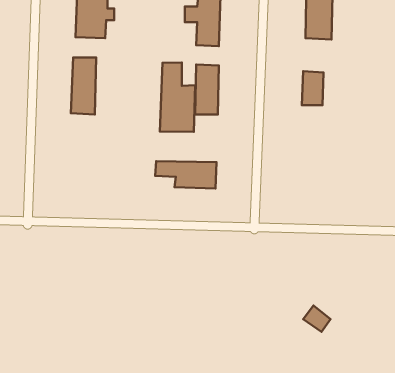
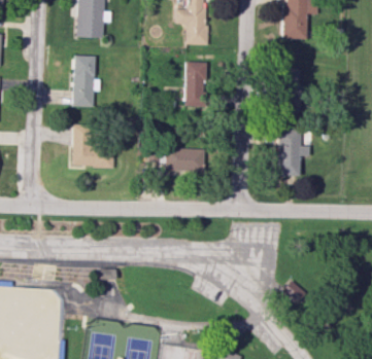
building: [160,62,195,132] -> none
building: none -> [72,124,114,168]
building: none -> [277,129,310,176]

